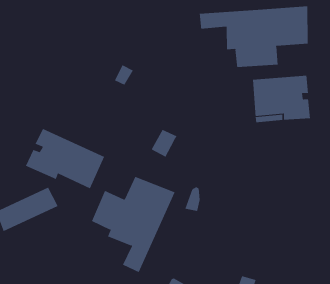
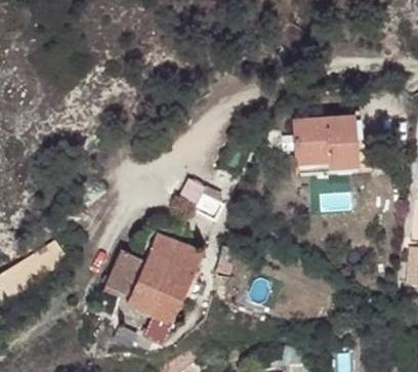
building: [199,5,308,68] -> none
building: [25,128,105,189] -> none

